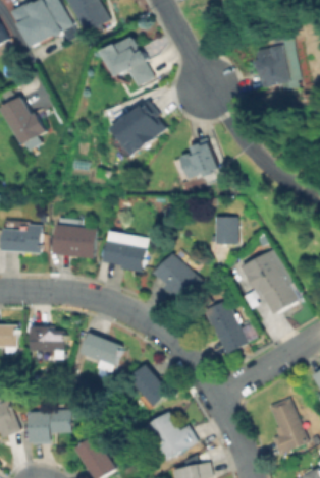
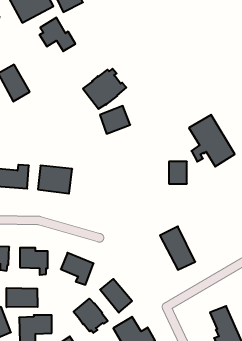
building: [107,42,152,83] -> [39,18,75,51]
building: [254,44,291,89] -> none
building: [180,146,218,181] -> [100,106,130,134]
building: [104,238,146,272] -> none
building: [155,249,203,300] -> none
building: [242,250,299,314] -> [189,115,235,167]
building: none -> [7,288,38,307]
building: none -> [74,299,108,333]

